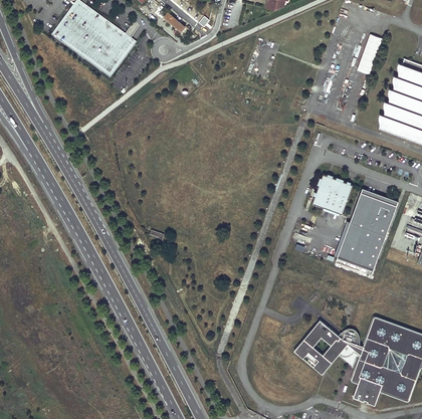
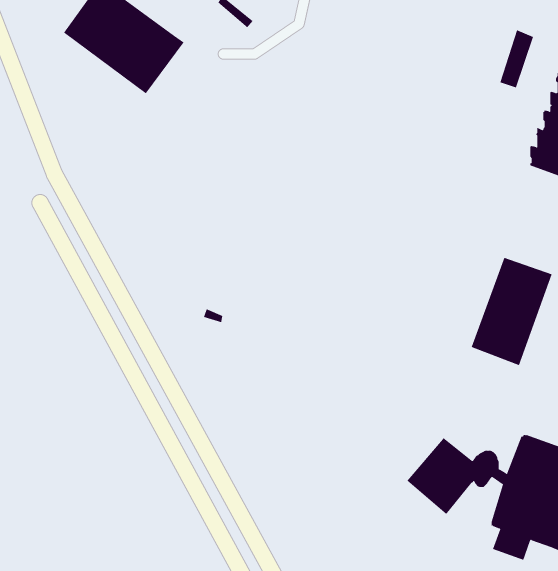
building: [311,174,352,214] -> none

